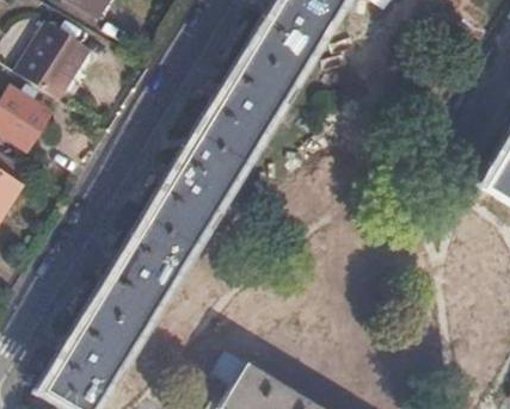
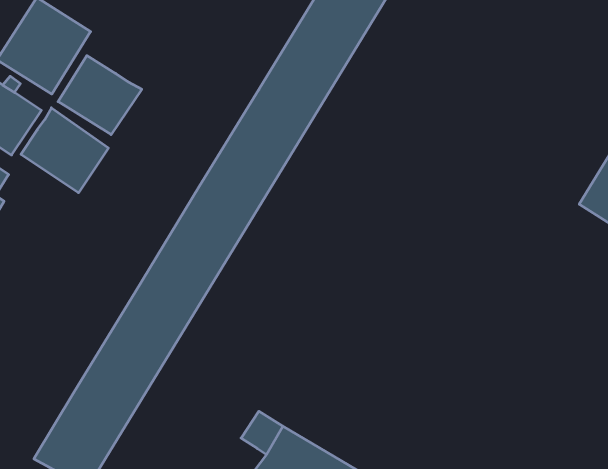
building: none -> [58,56,142,135]
building: none -> [21,108,108,193]

